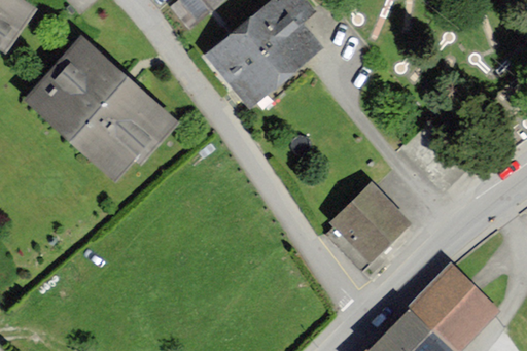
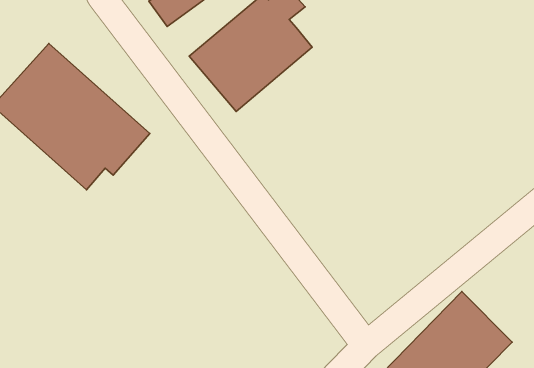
building: [329,182,411,264] -> none

